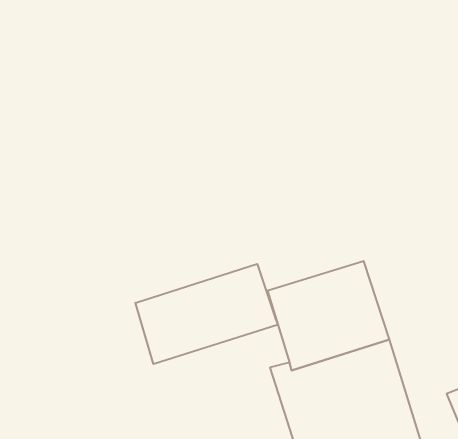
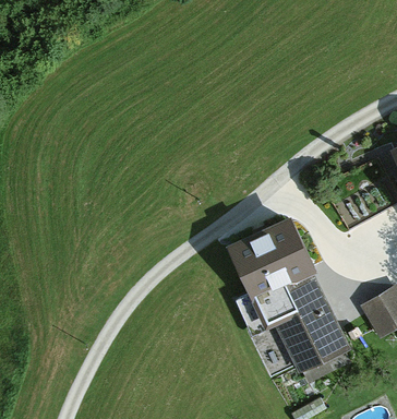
building: [135,264,278,364] -> none

